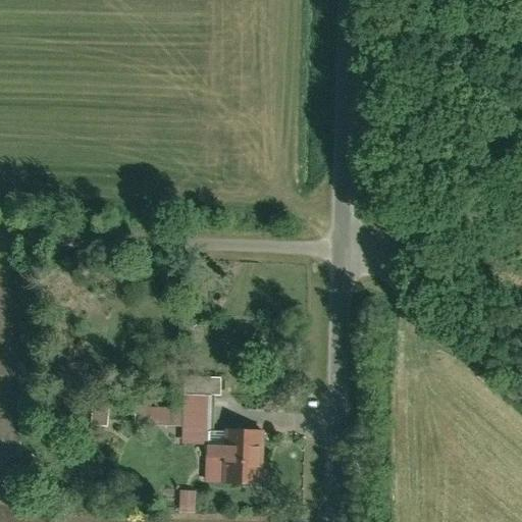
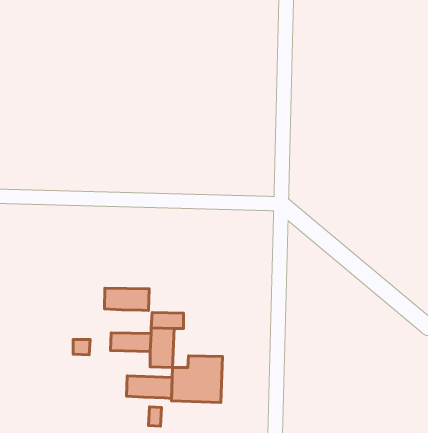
building: none -> [105,288,149,310]
building: none -> [126,376,172,398]

